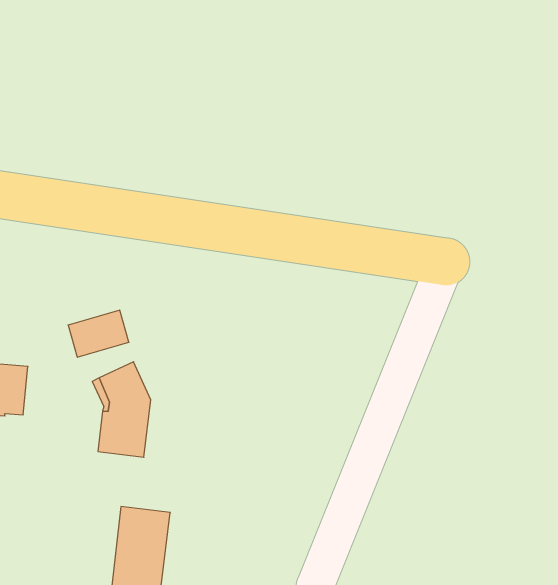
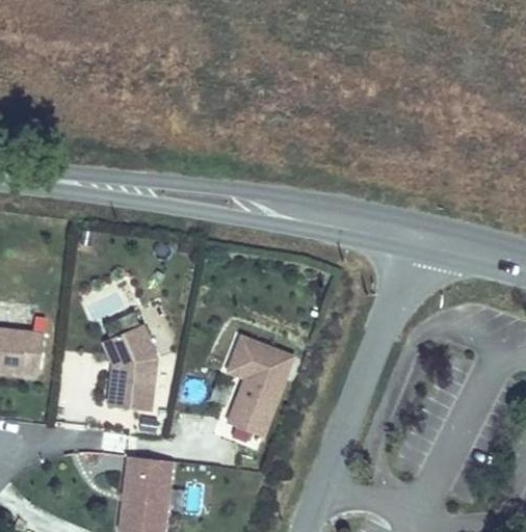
building: none -> [229,332,295,433]

